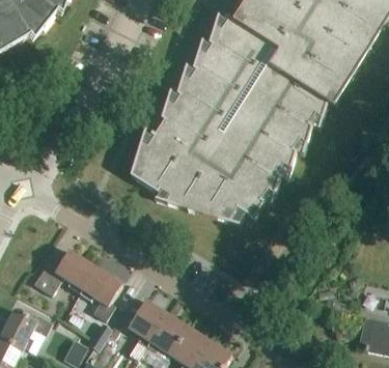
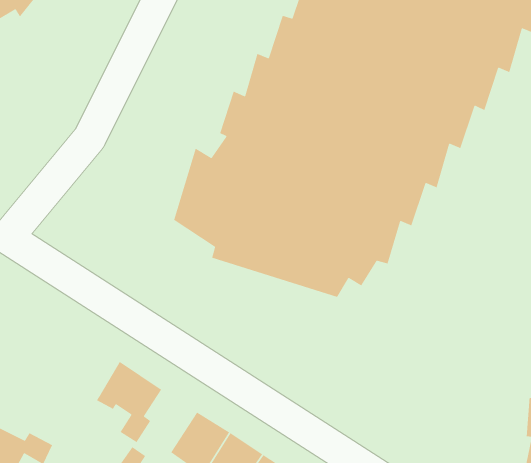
building: [34,250,95,294] -> none

